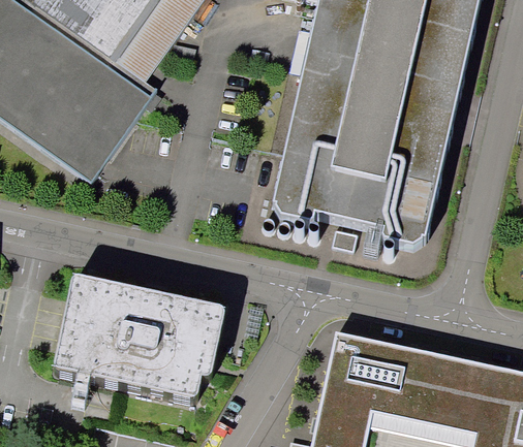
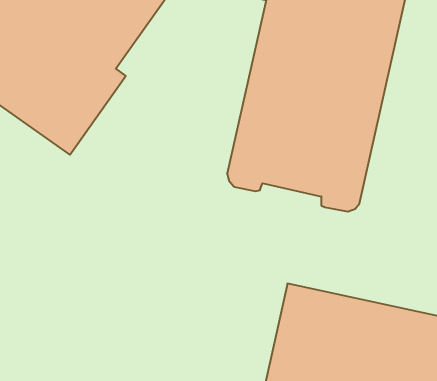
building: [54,285,225,409] -> none

